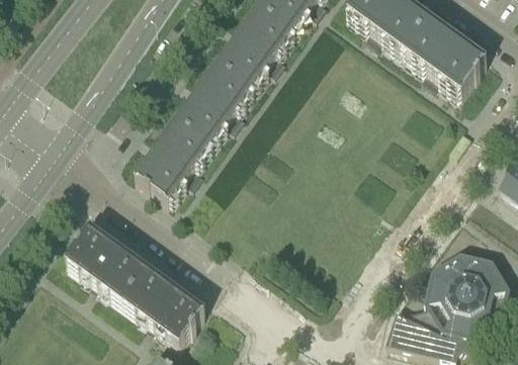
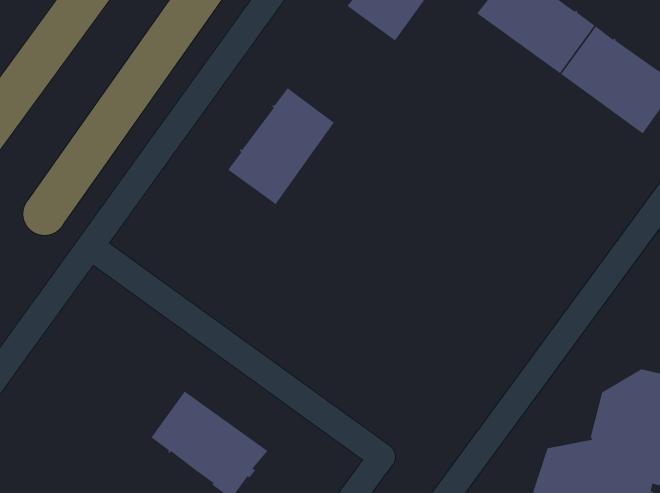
building: [218,6,291,86] -> none
building: [134,118,209,199] -> none
building: [66,229,147,302] -> none

